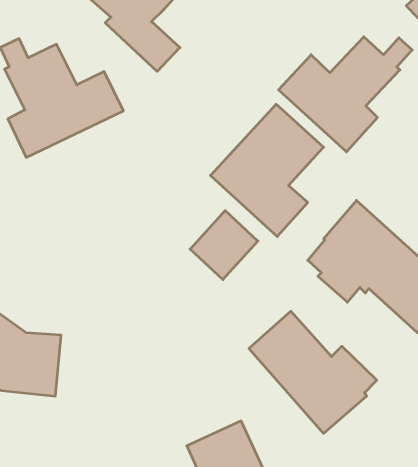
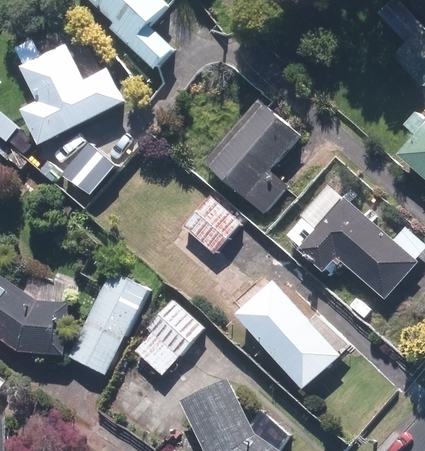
building: [279,37,412,152] -> none
building: none -> [57,139,111,193]
building: none -> [67,266,149,374]
building: none -> [133,298,204,375]

